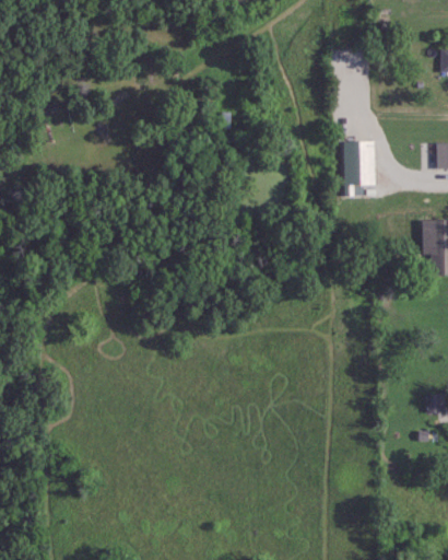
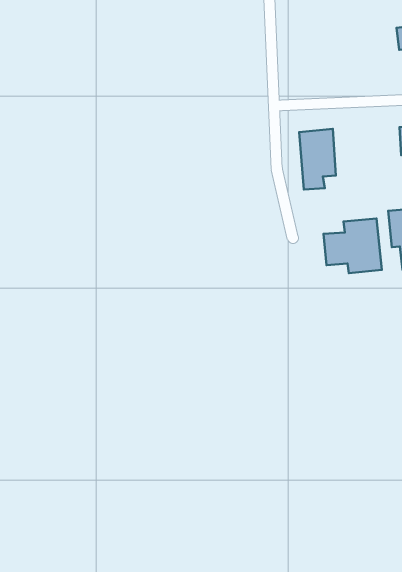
building: none -> [324,219,382,273]

